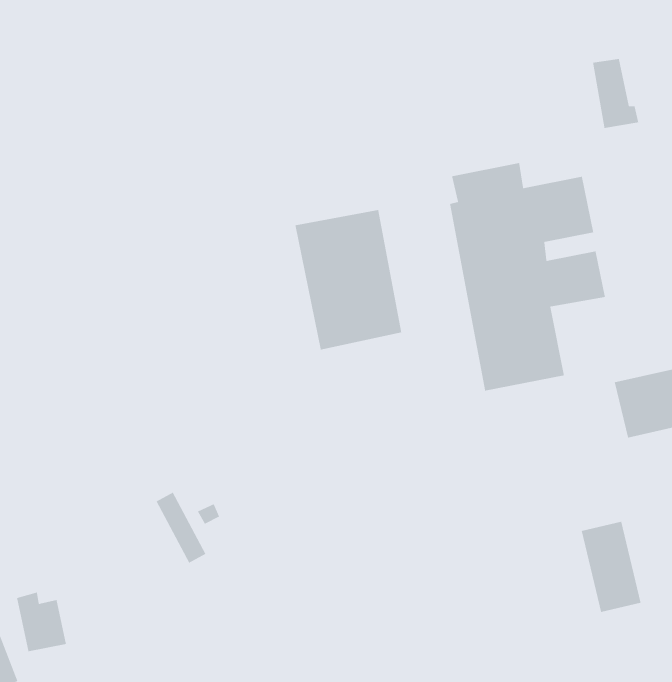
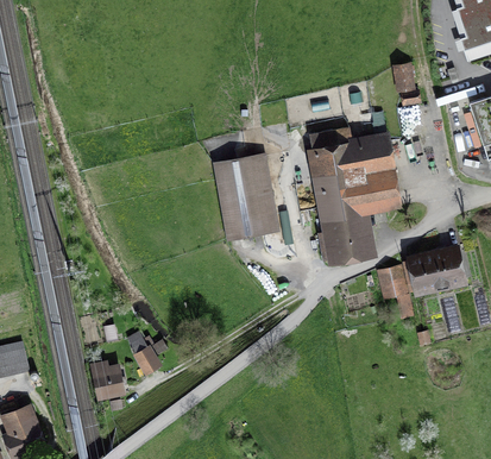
building: [581,521,641,613] -> [377,263,414,319]
building: [16,591,67,652] -> [94,358,125,395]

